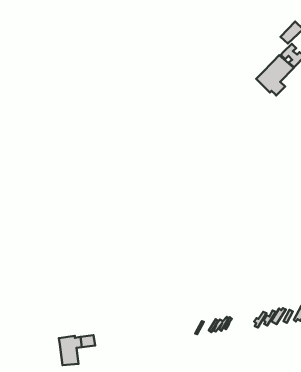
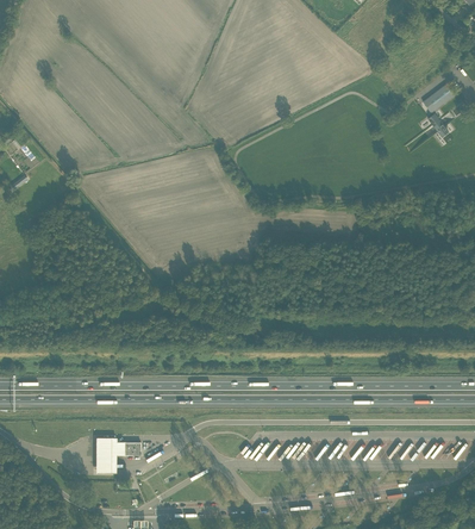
building: [256,55,294,95] -> none

